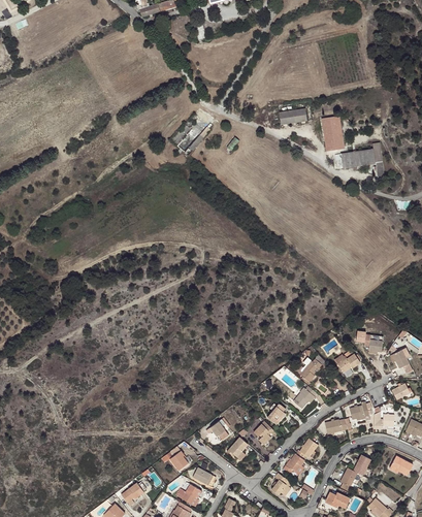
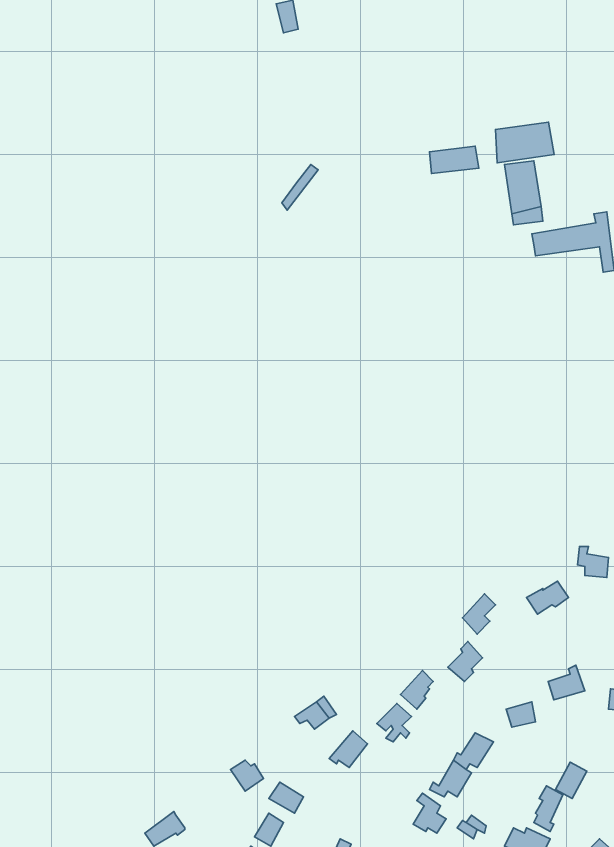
building: none -> [496,122,554,163]

